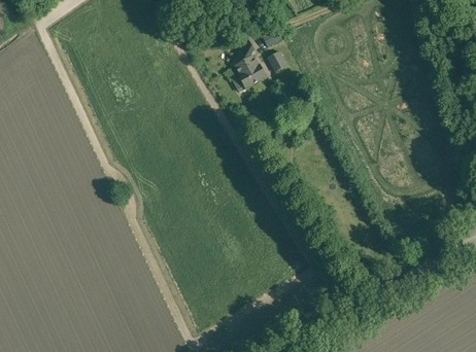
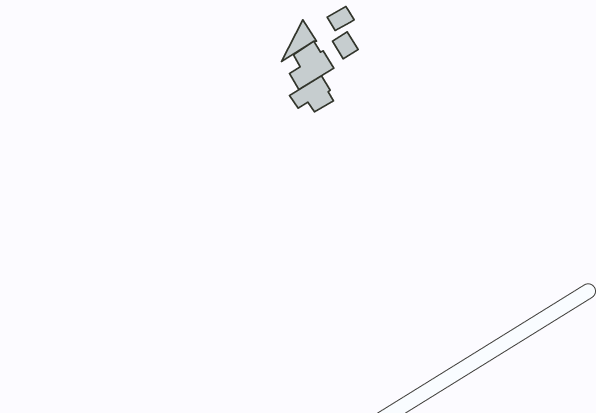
building: none -> [290,76,334,112]

